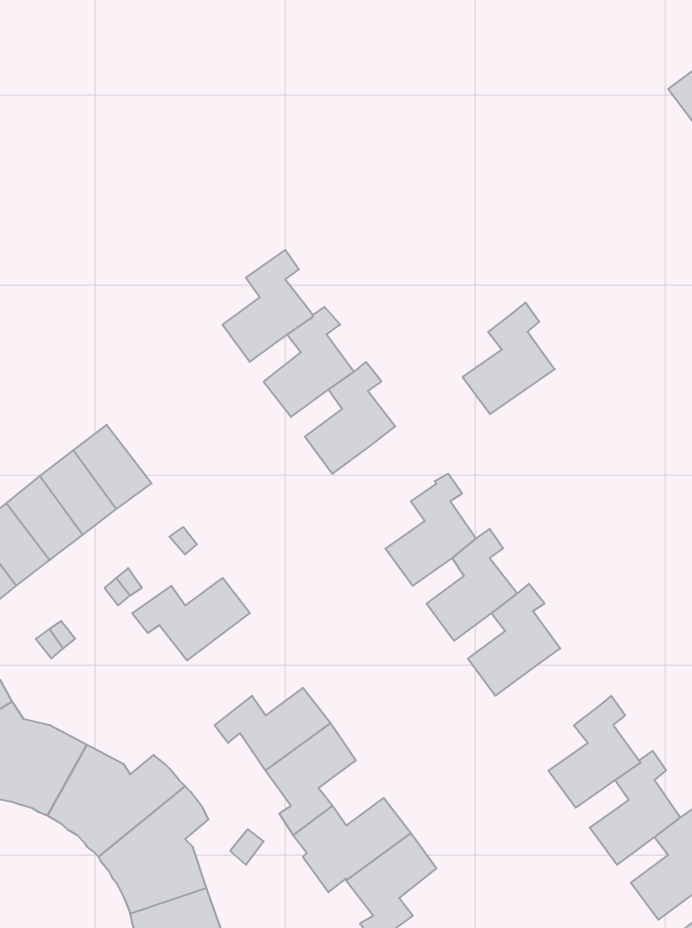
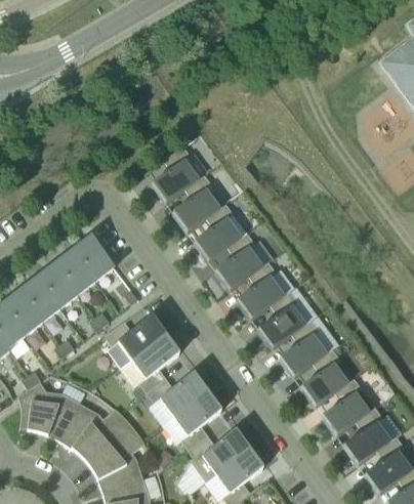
building: [463,302,555,414] -> [215,232,263,290]
building: none -> [123,334,179,392]
building: none -> [301,348,348,407]

